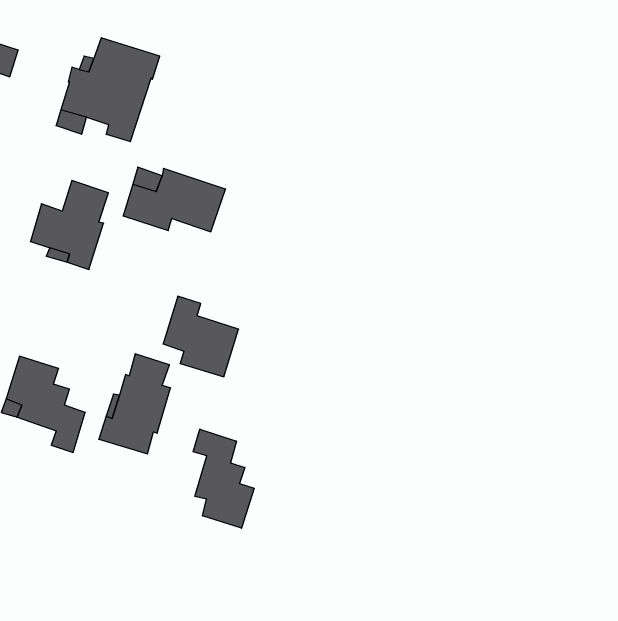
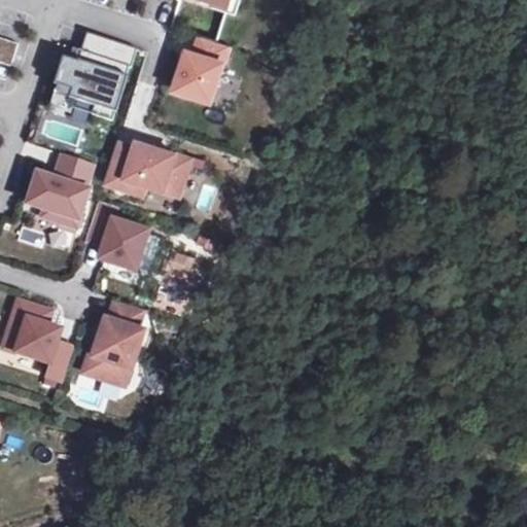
building: none -> [175,36,229,103]
building: [163,296,239,377] -> [85,200,149,268]
building: [193,429,254,528] -> none

